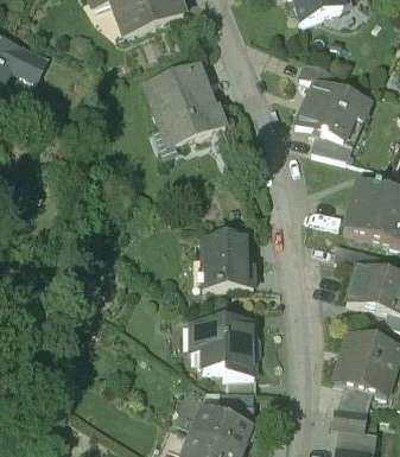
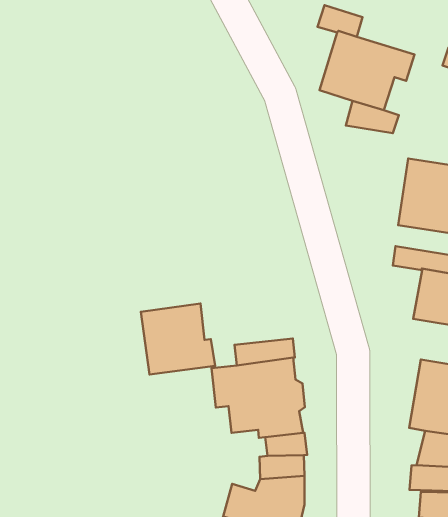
building: [144,61,224,144] -> none
building: [202,237,253,286] -> [141,304,215,375]

